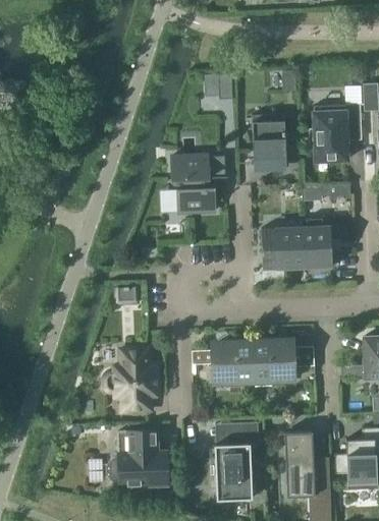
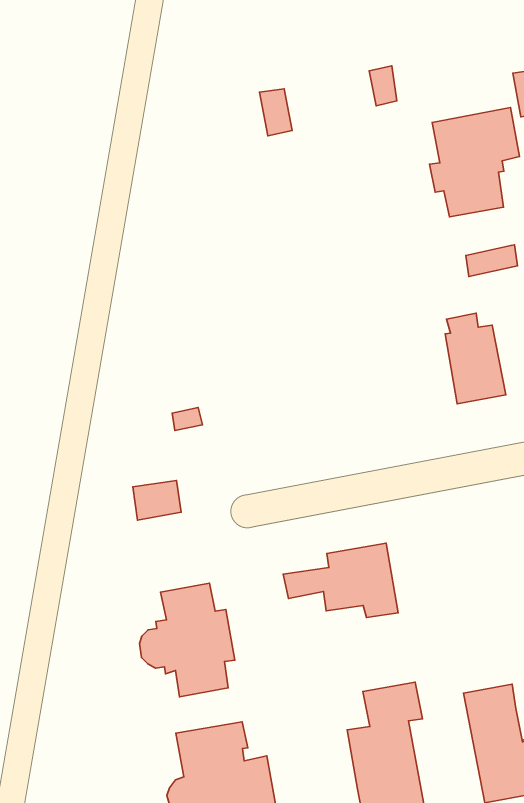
building: [252,113,290,171] -> none
building: [172,155,227,213] -> none
building: [261,227,305,270] -> none
building: [253,339,315,382] -> none

